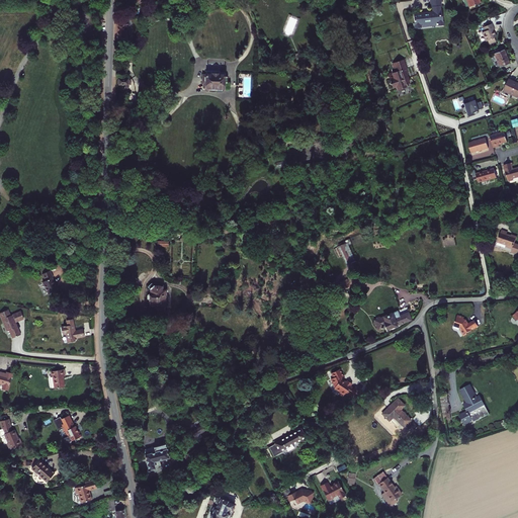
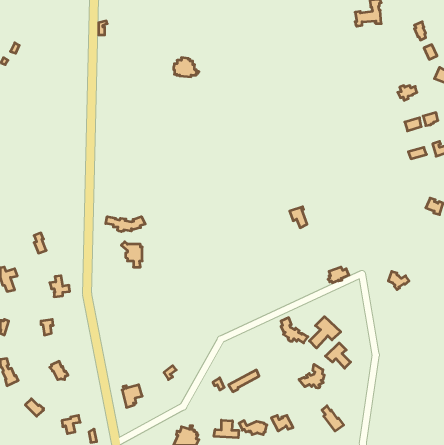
building: [388,59,410,88] -> none
building: none -> [106,217,145,232]
building: none -> [309,317,341,348]
building: [458,384,490,425] -> none
building: none -> [299,364,324,388]
building: none -> [214,420,239,438]

